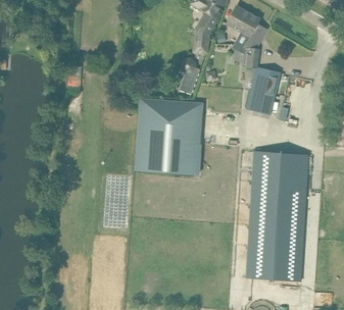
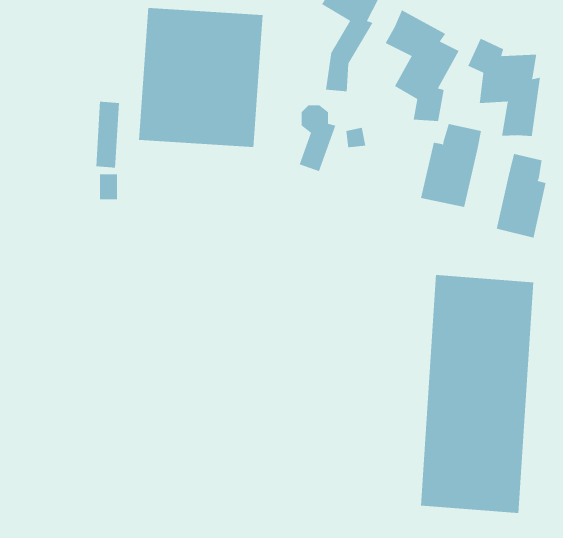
building: none -> [468,38,540,137]
building: none -> [496,153,546,238]
building: [134,99,202,175] -> [138,8,263,147]

